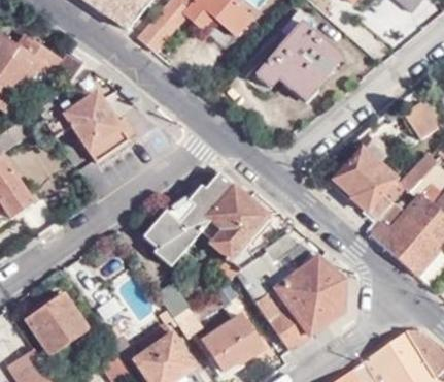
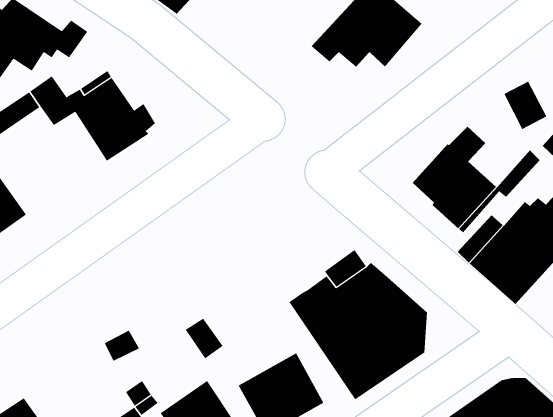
building: [143,172,267,279] -> none
building: [25,294,87,353] -> none

